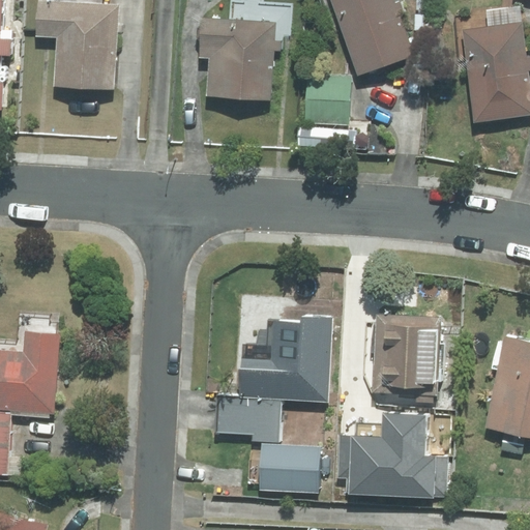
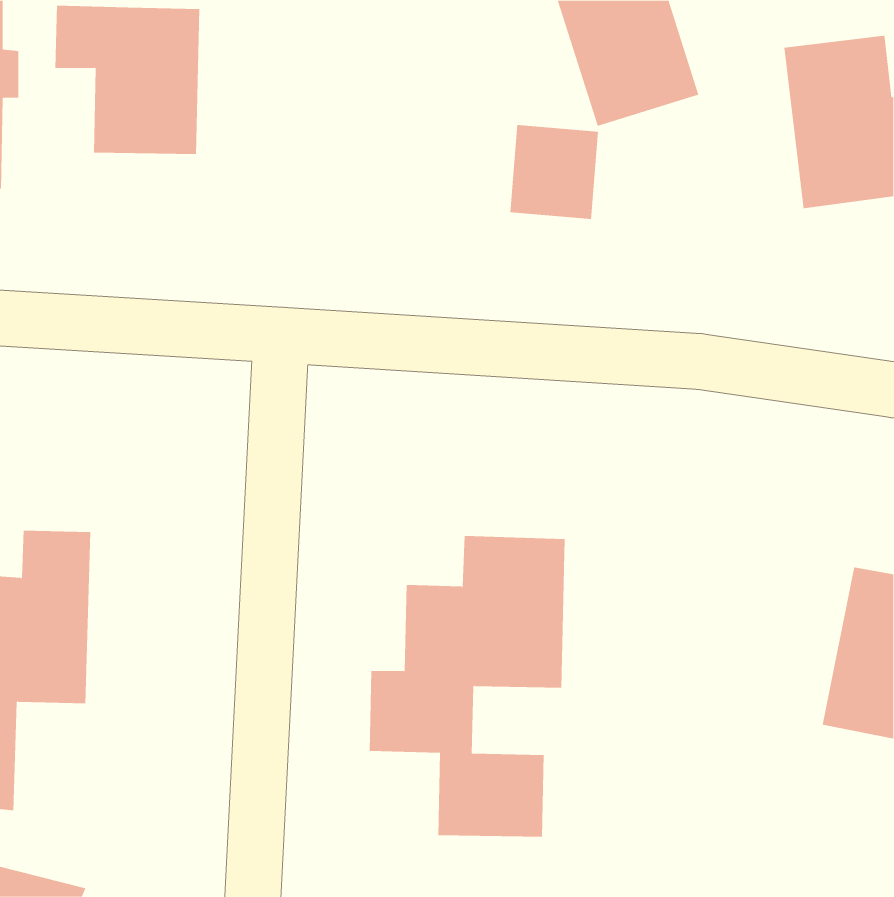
building: [198,19,282,104] -> none
building: [374,314,436,393] -> none
building: [343,409,447,494] -> none

